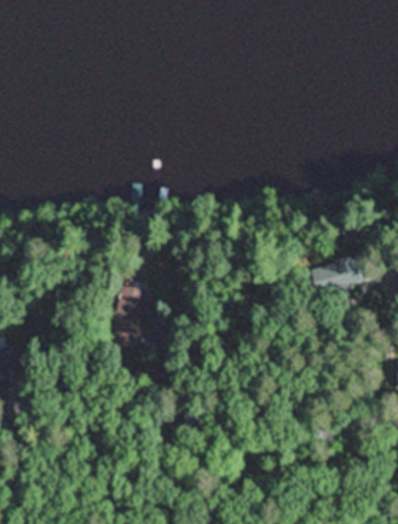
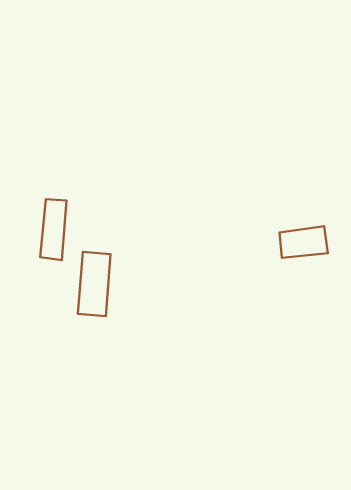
building: none -> [40,199,66,260]

